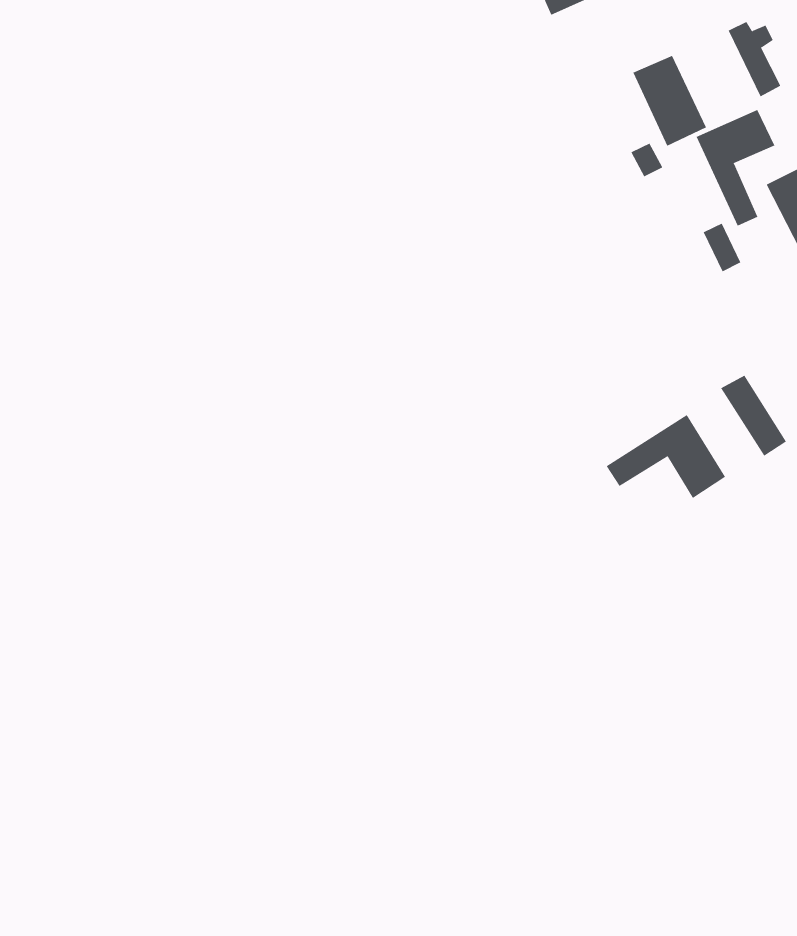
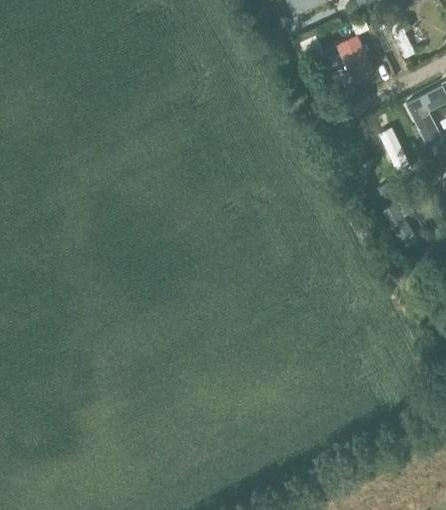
building: [696,109,775,227] -> none
building: [606,414,726,499] -> none

